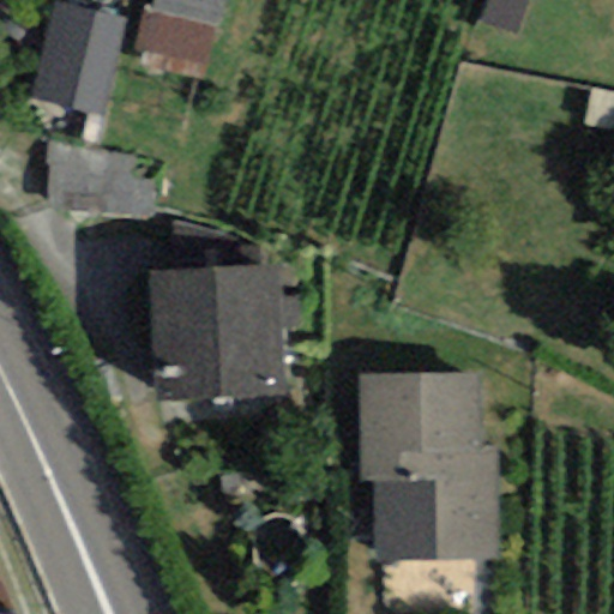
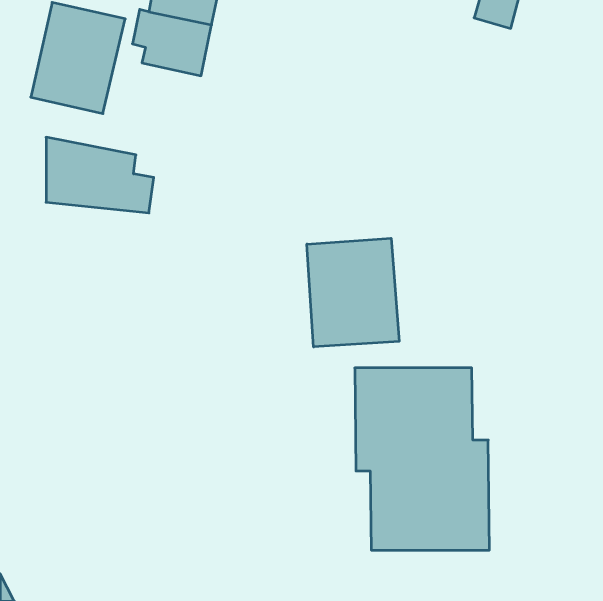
building: none -> [307,238,399,347]
building: [149,263,285,399] -> none

